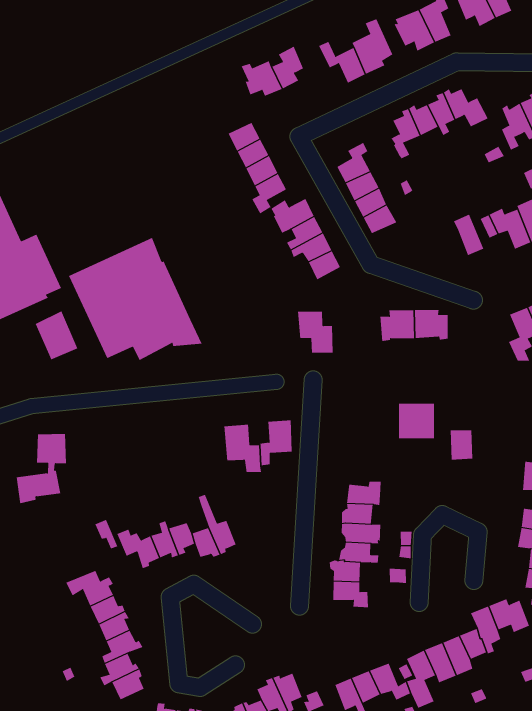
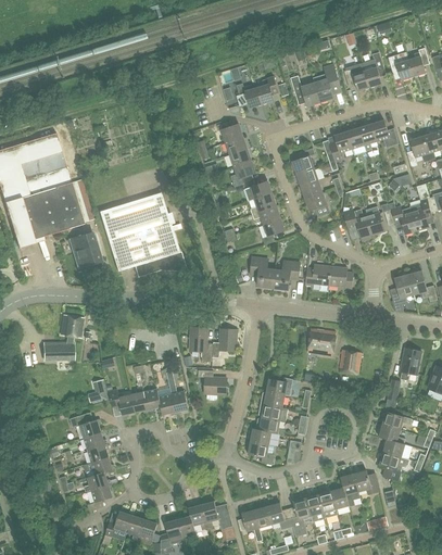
building: none -> [344,211,371,240]
building: none -> [271,261,300,290]
building: none -> [198,370,226,401]

